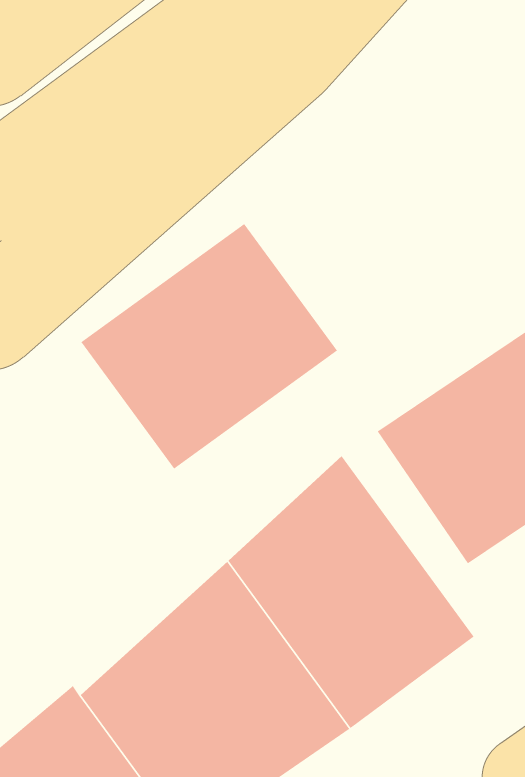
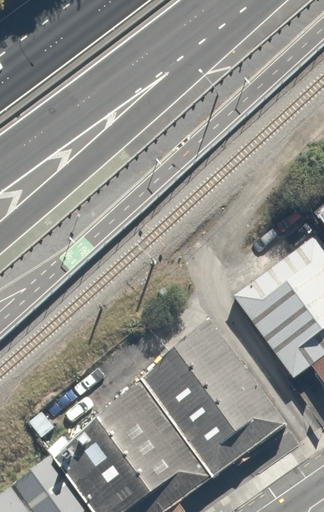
building: [81,223,338,470] -> none

